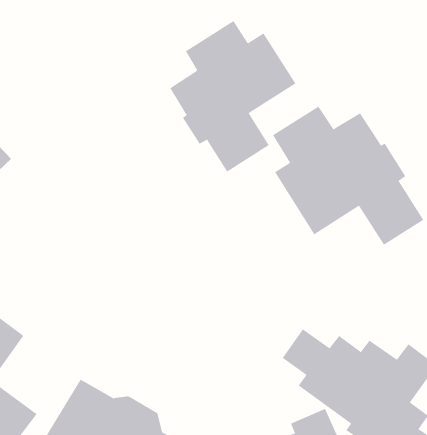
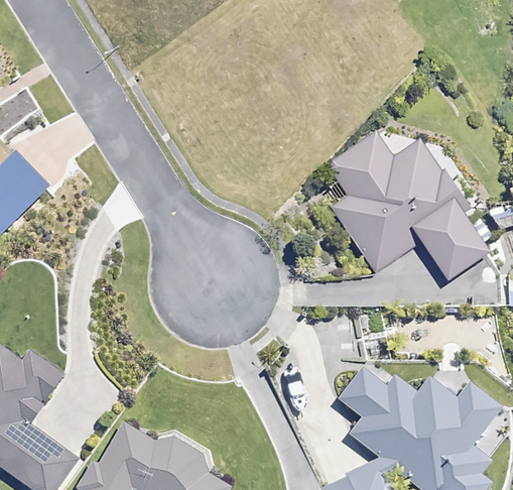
building: [169,20,296,172] -> none

